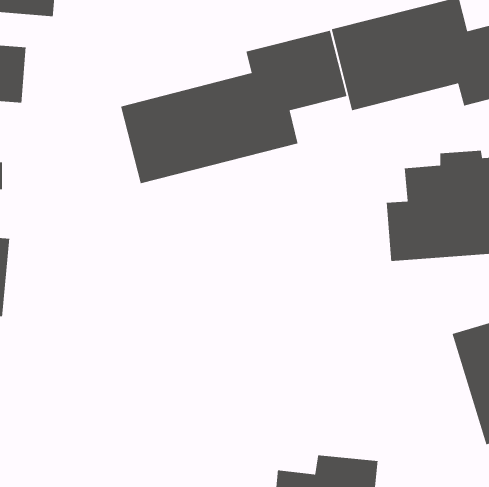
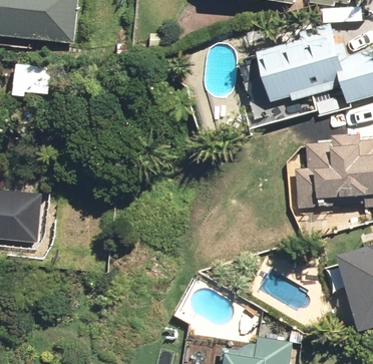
building: [120,30,348,184] -> none

